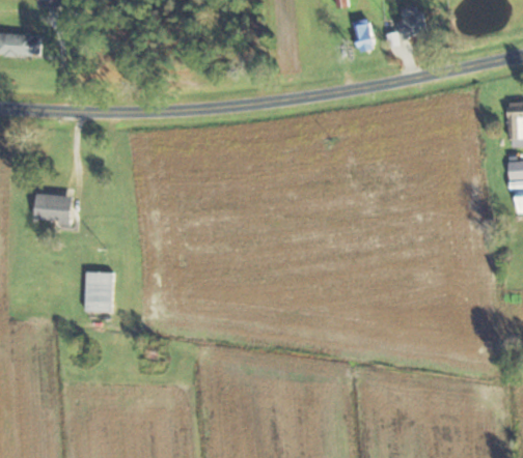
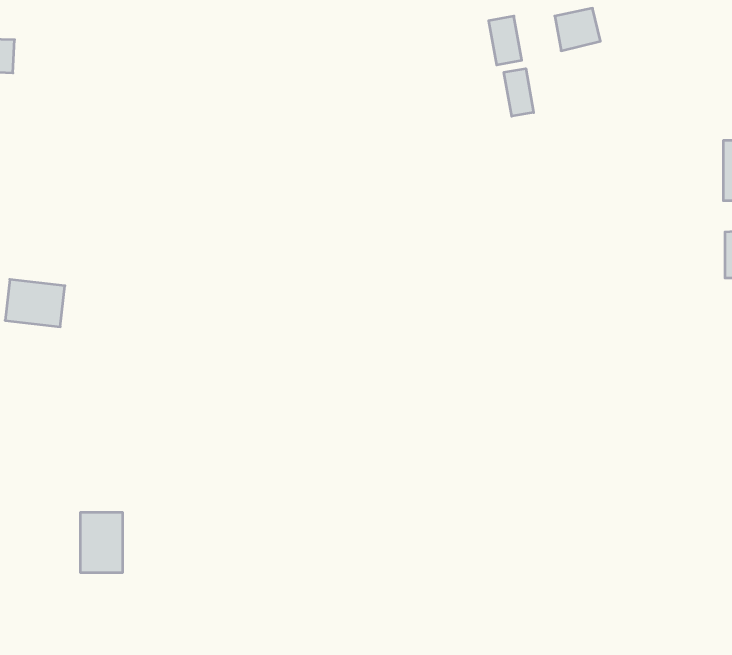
building: none -> [504,69,534,116]
building: [84,271,112,311] -> [80,513,123,572]

